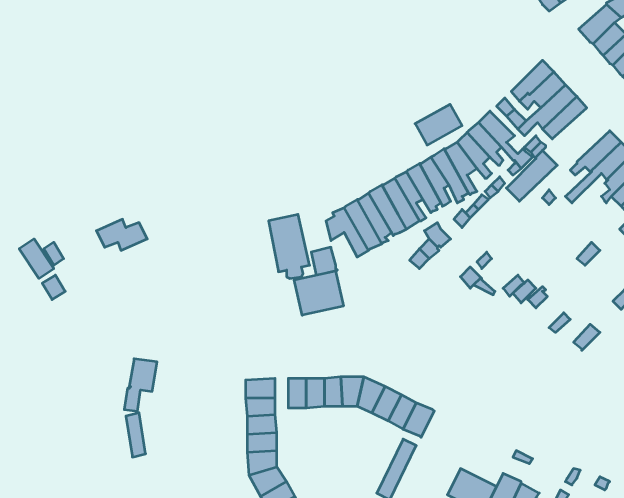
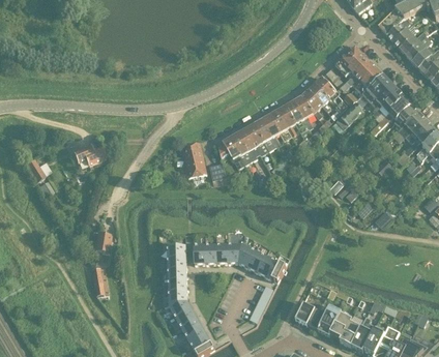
building: [415,104,462,145] -> none
building: none -> [360,73,397,108]
building: [294,271,343,315] -> none

